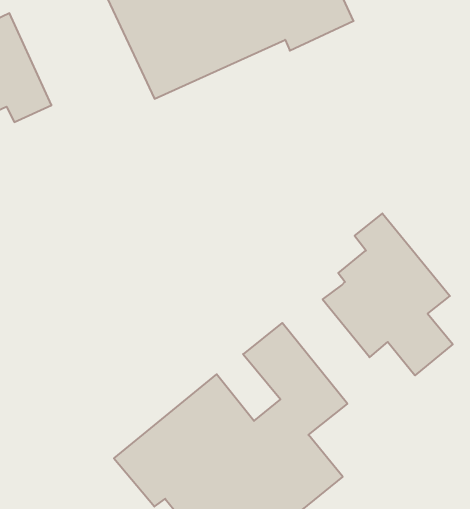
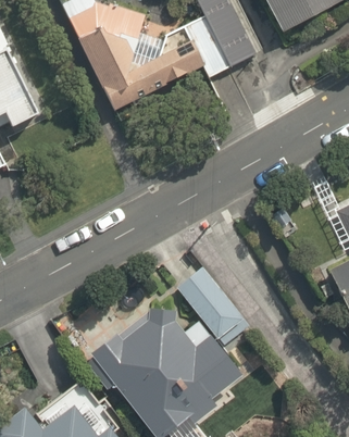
building: [323,213,453,375] -> none

